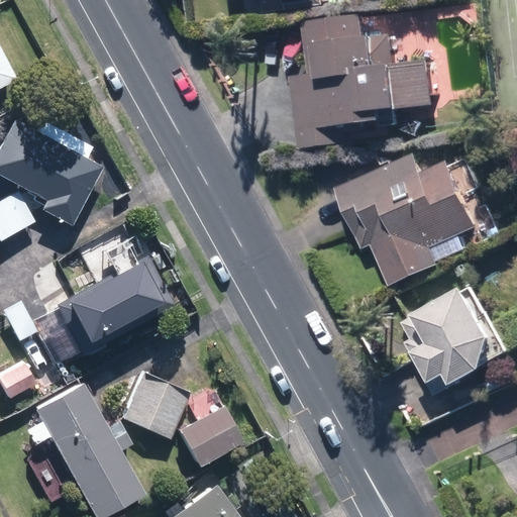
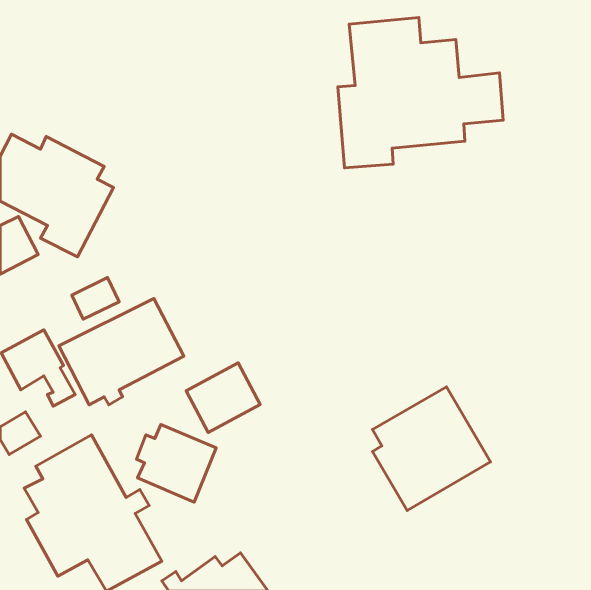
building: [337,153,501,289] -> none
building: [407,288,510,396] -> [373,387,491,510]
building: [177,406,241,467] -> [186,363,260,432]

